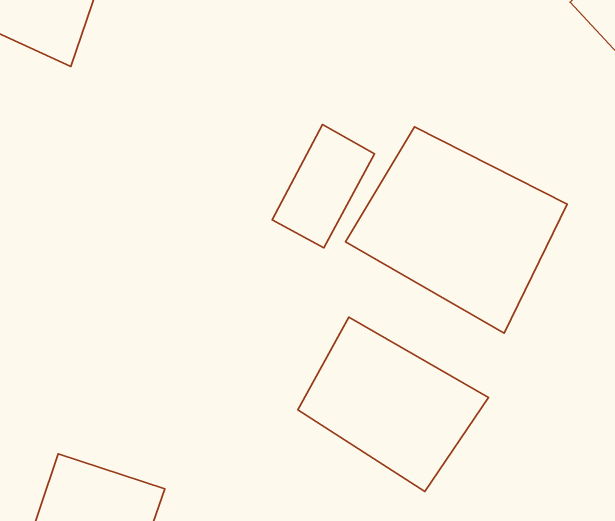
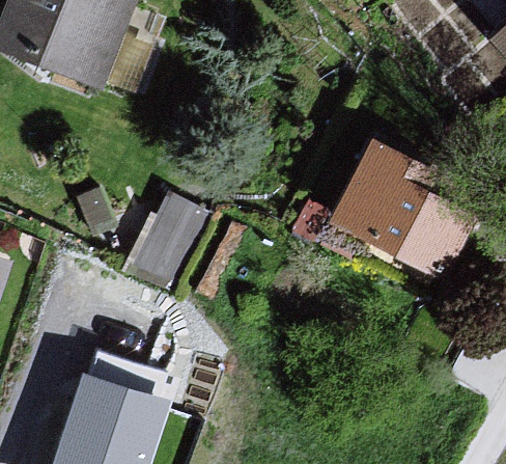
building: [272,124,374,248] -> [136,181,212,272]
building: [298,317,489,491] -> none

